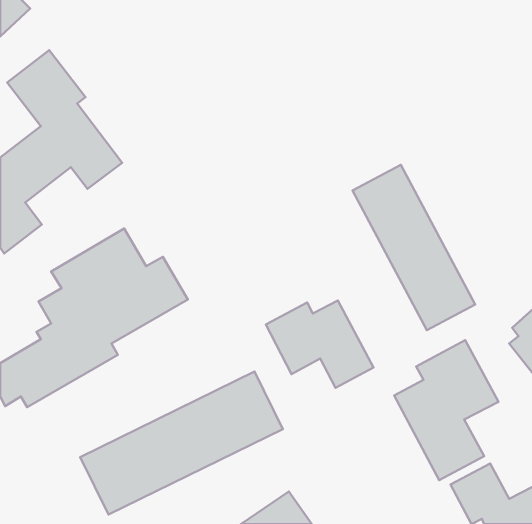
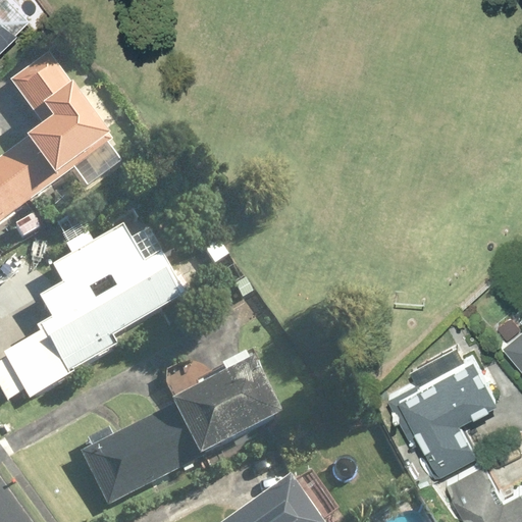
building: [352,165,475,330] -> none
building: [266,300,373,388] -> none

